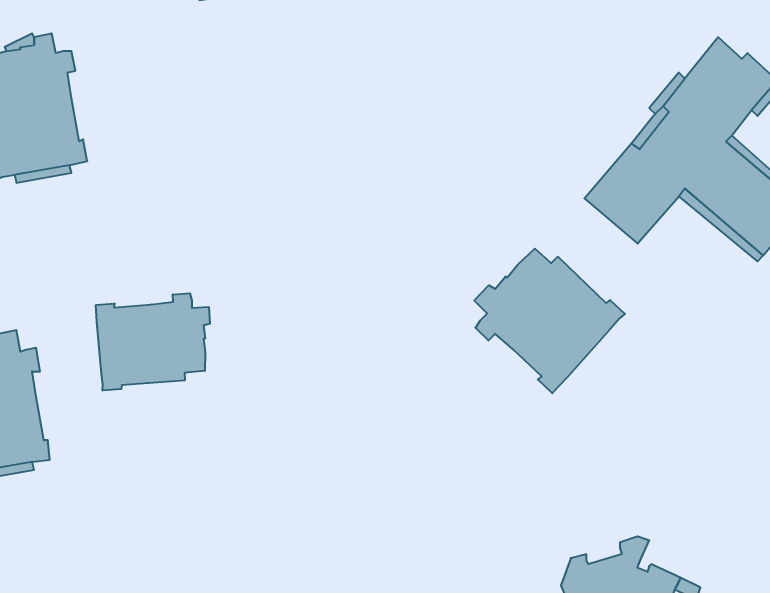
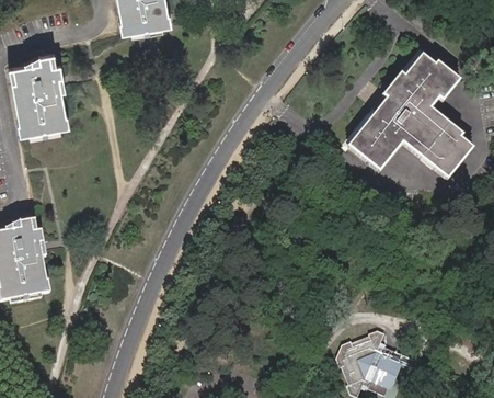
building: [474,249,625,393] -> none
building: [96,293,210,391] -> none

